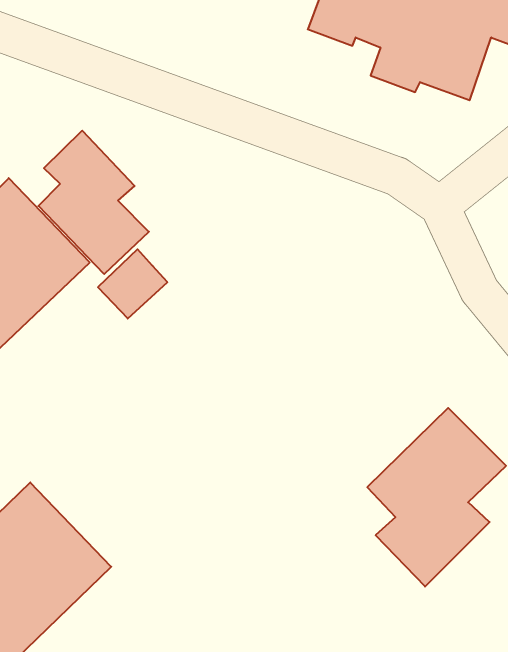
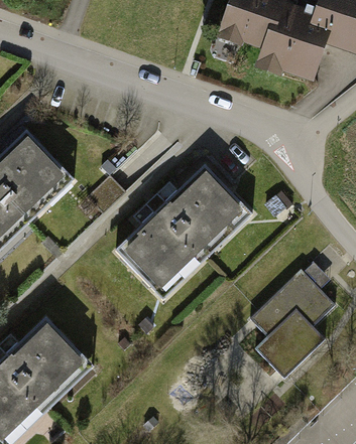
building: [38,131,149,274] -> none
building: none -> [114,163,254,301]

